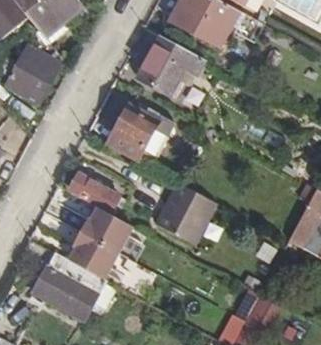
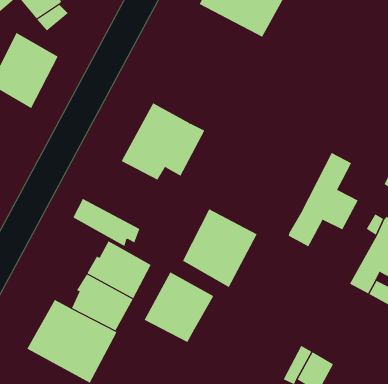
building: [140,37,205,95] -> none
building: none -> [288,152,358,247]
building: none -> [144,271,214,343]

